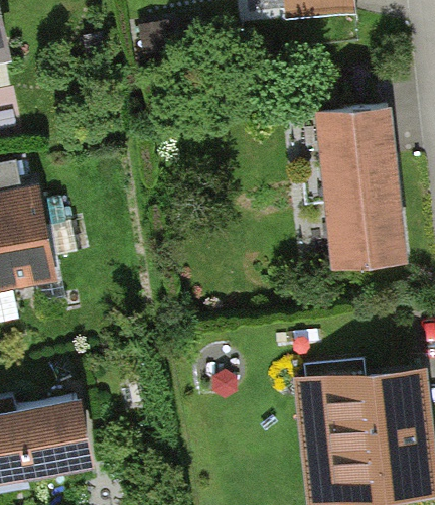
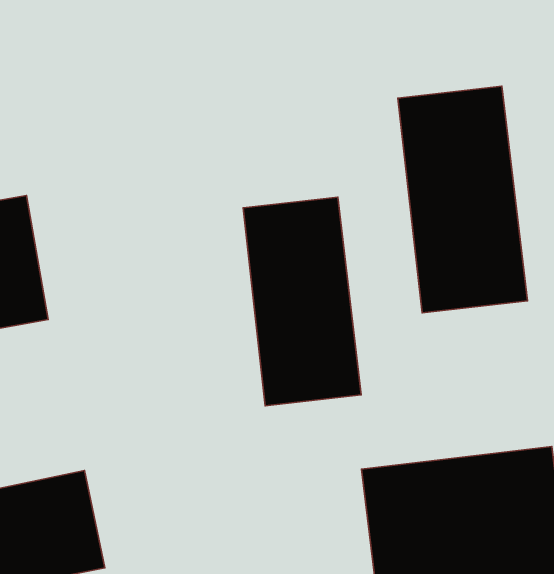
building: none -> [243,197,361,406]

